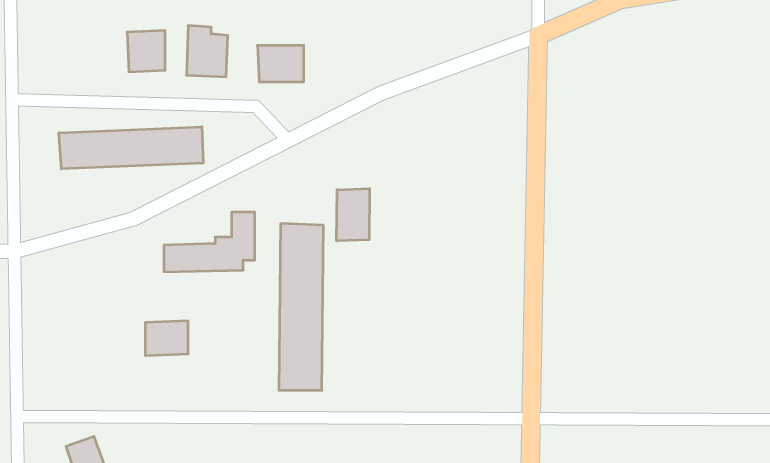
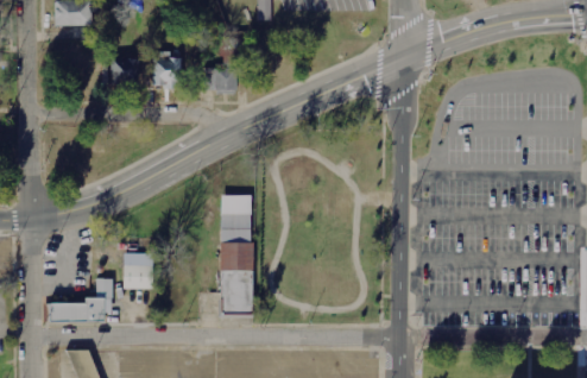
building: [59,127,203,169] -> none
building: [337,189,370,241] -> none
building: [164,212,255,272] -> [48,278,113,321]

